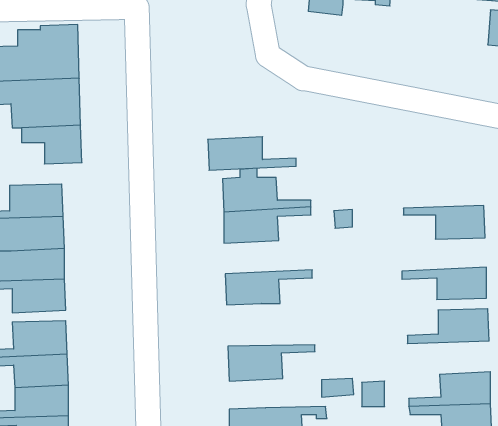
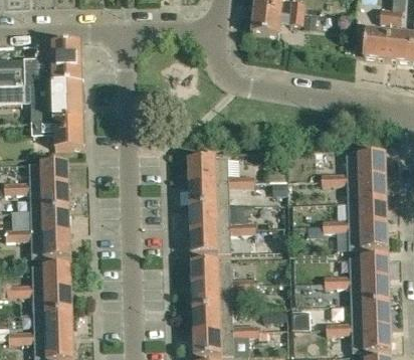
building: none -> [362,28,389,57]
building: [208,137,296,170] -> [189,204,255,229]
building: none -> [323,146,384,180]
building: none -> [322,202,386,227]
building: none -> [192,259,257,284]
building: none -> [327,280,389,305]
building: none -> [193,308,257,331]

